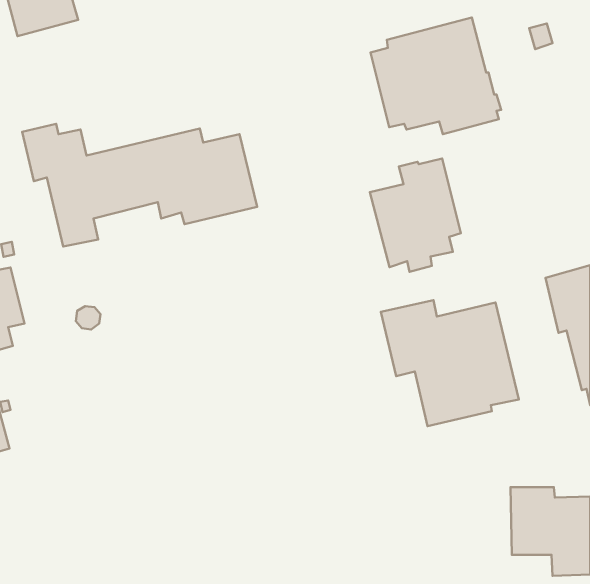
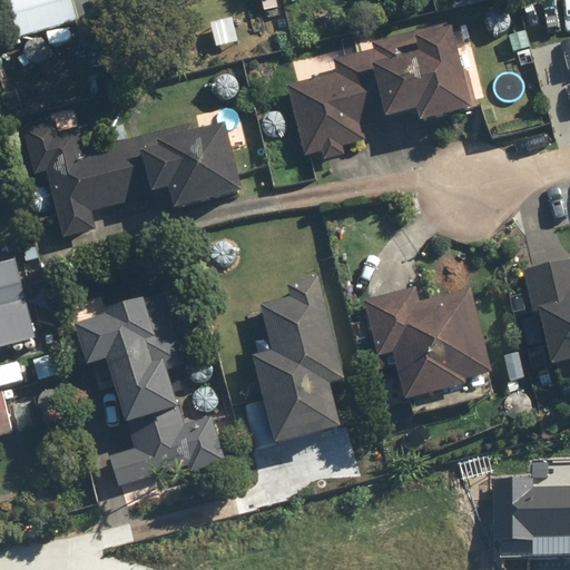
building: [370,158,461,272] -> [284,50,371,158]
building: none -> [253,275,345,449]
building: none -> [77,288,223,483]

